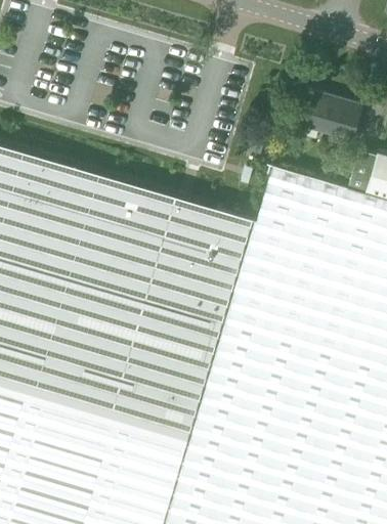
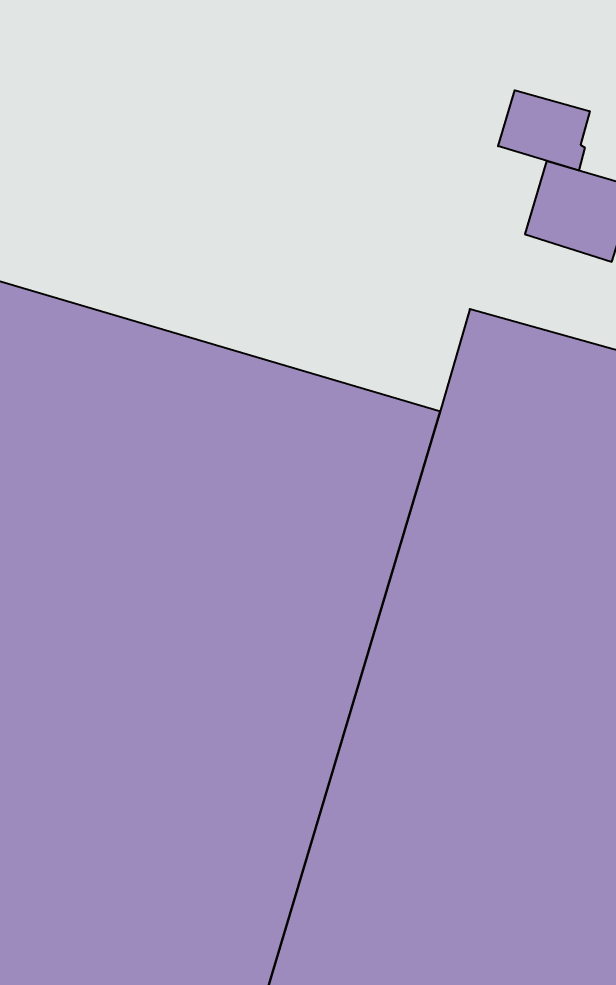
building: none -> [498,90,590,171]

